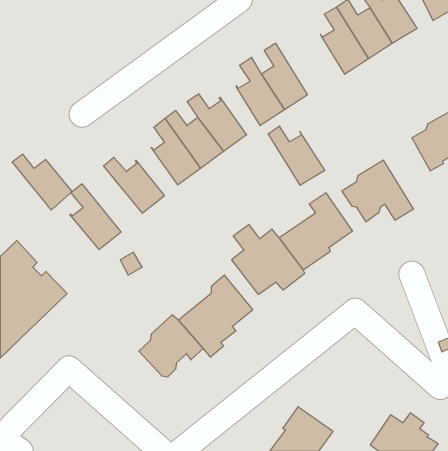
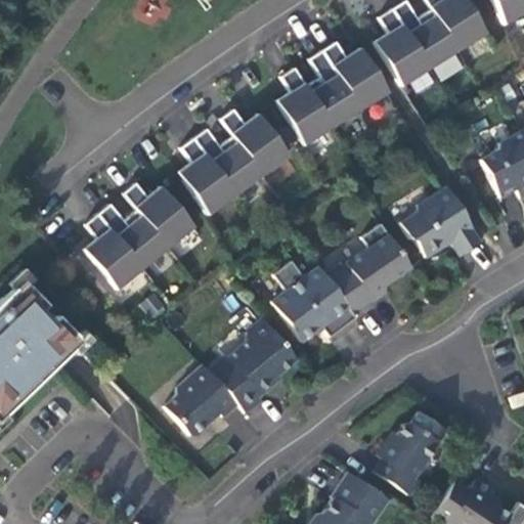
building: [268,126,325,185] -> [323,41,389,110]
building: [12,154,72,210] -> [99,204,169,268]
building: none -> [377,422,440,494]

